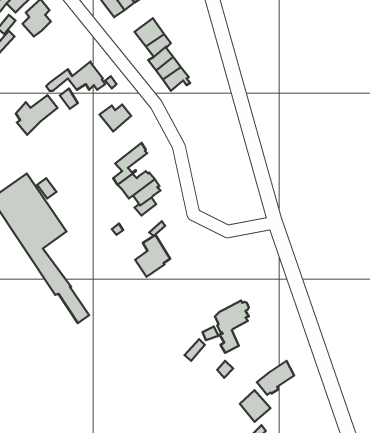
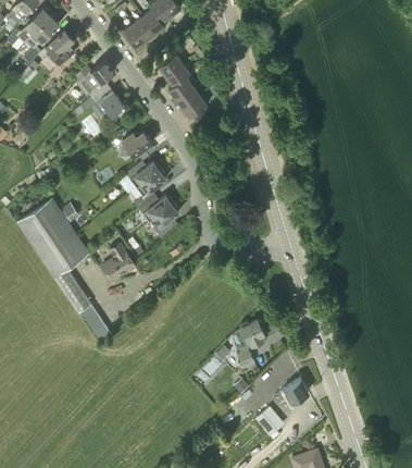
building: [16,95,58,135] -> [76,59,116,97]
building: none -> [126,161,162,188]
building: [135,235,170,277] -> [101,242,135,282]

